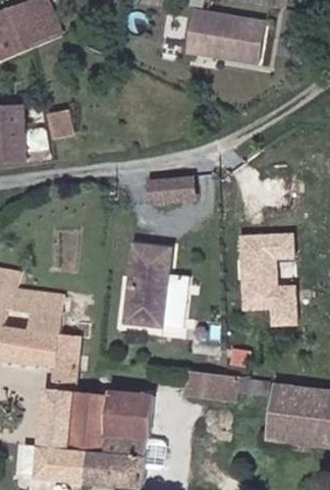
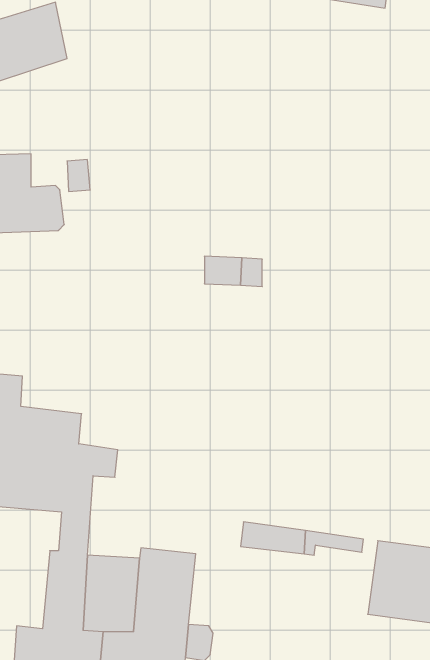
building: [179,8,261,66] -> none
building: [232,235,291,331] -> none
building: [117,249,172,329] -> none

